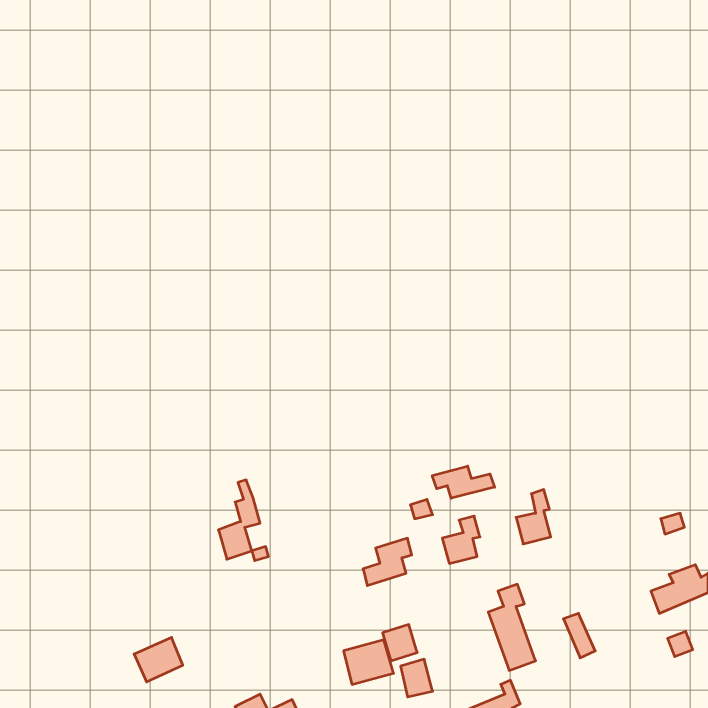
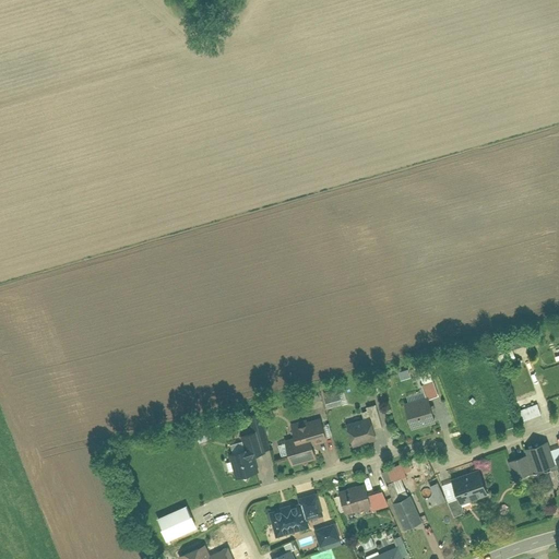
building: [432,466,495,498] -> none
building: [218,480,260,559] -> [228,417,261,479]
building: none -> [457,473,489,497]
building: none -> [338,487,369,511]
building: [134,637,183,682] -> [155,507,193,542]

